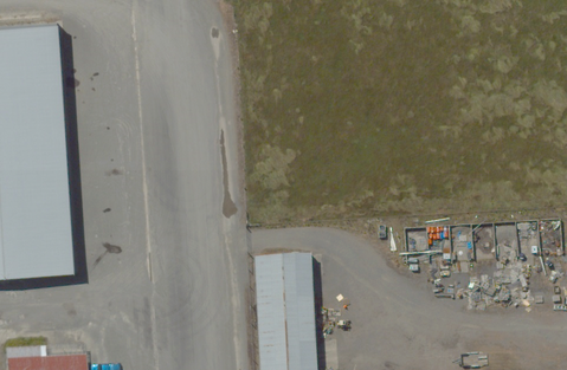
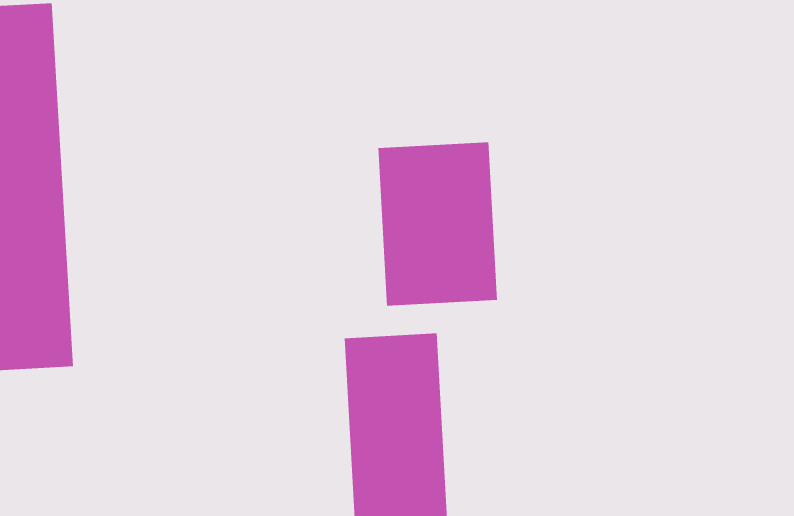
building: none -> [378,142,498,306]

